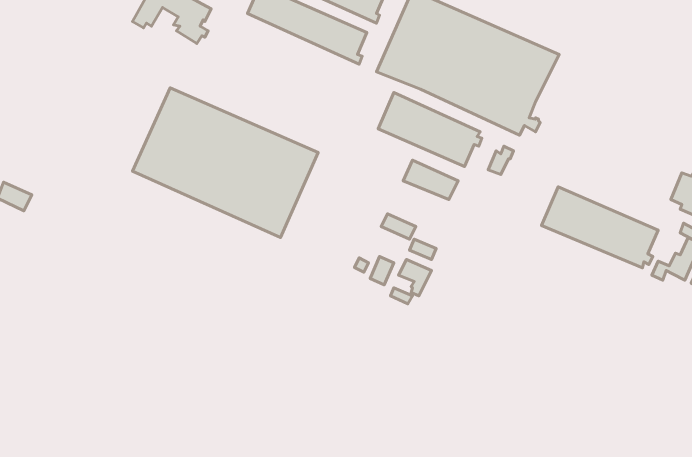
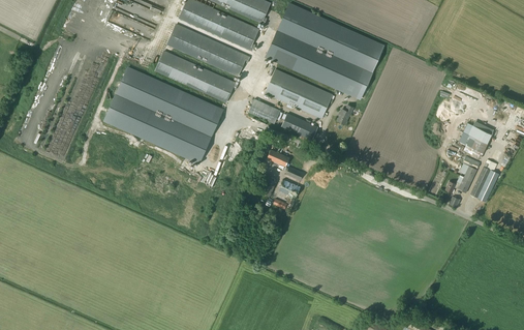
building: none -> [166,25,249,76]
building: none -> [155,52,237,102]
building: none -> [248,99,279,124]
building: [541,187,658,268] -> none

